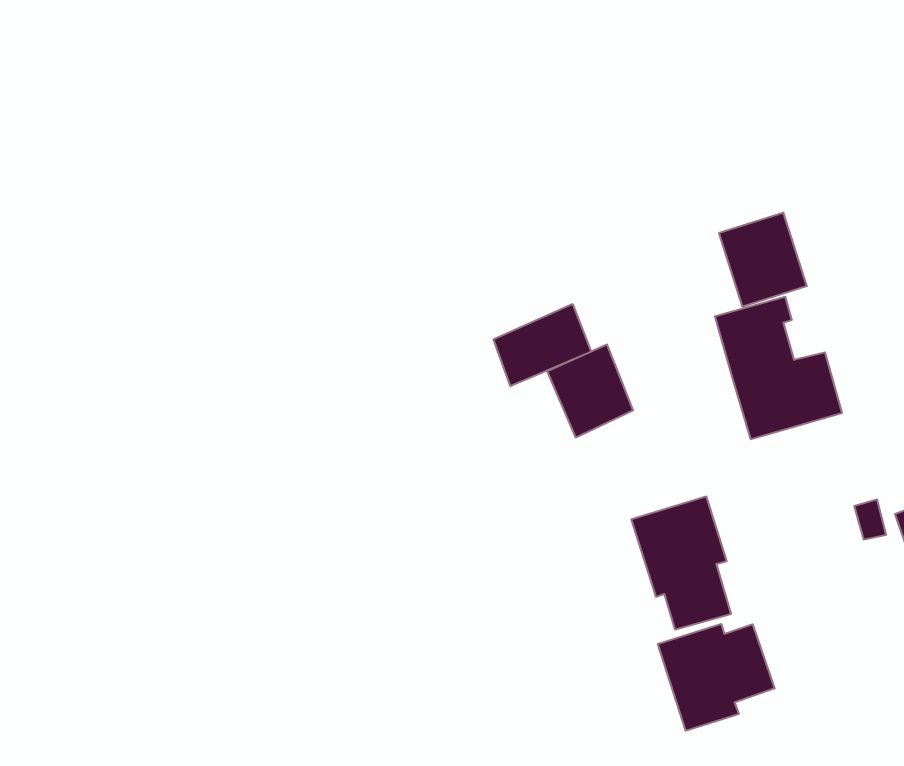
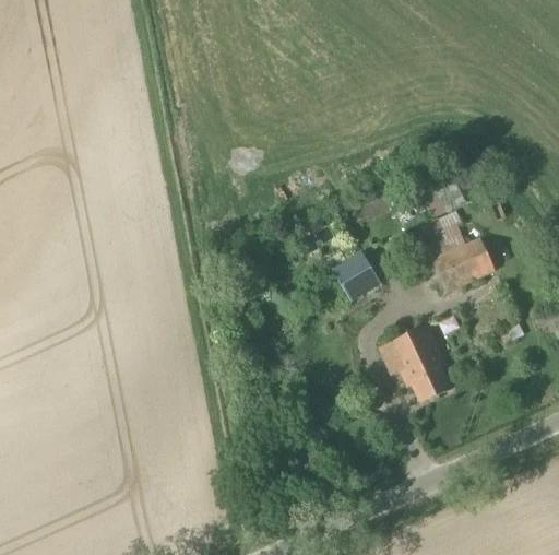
building: [494,304,591,386] -> none
building: [658,624,775,731] -> none

